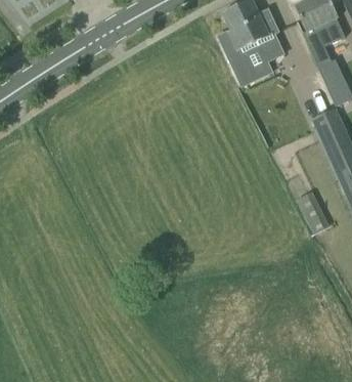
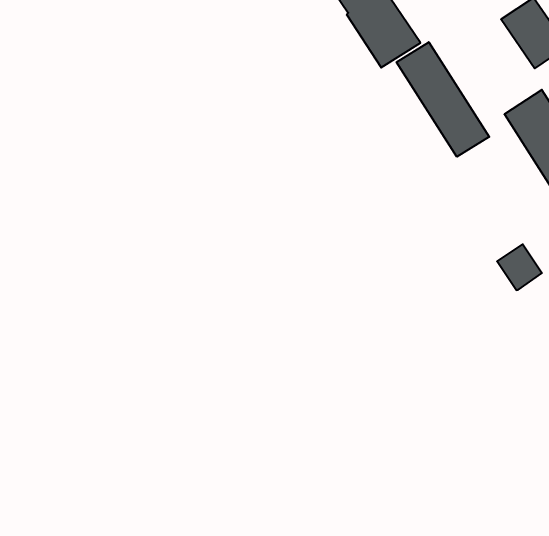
building: none -> [397,42,489,157]

